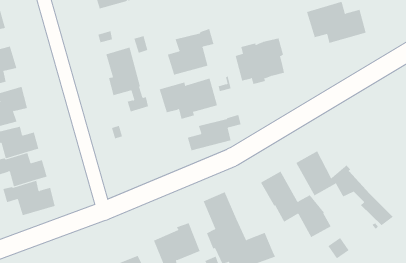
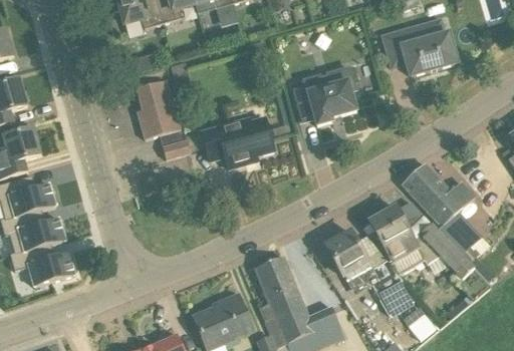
building: [167,28,214,76] -> none
building: [187,114,241,151] -> none
building: none -> [401,162,482,257]

